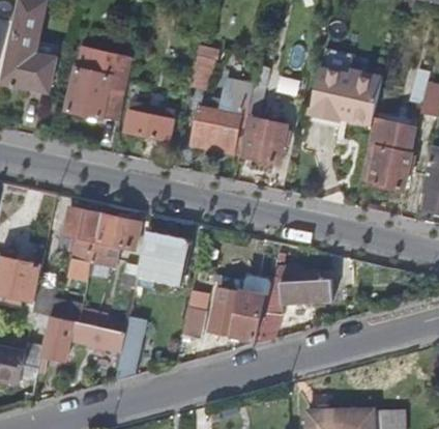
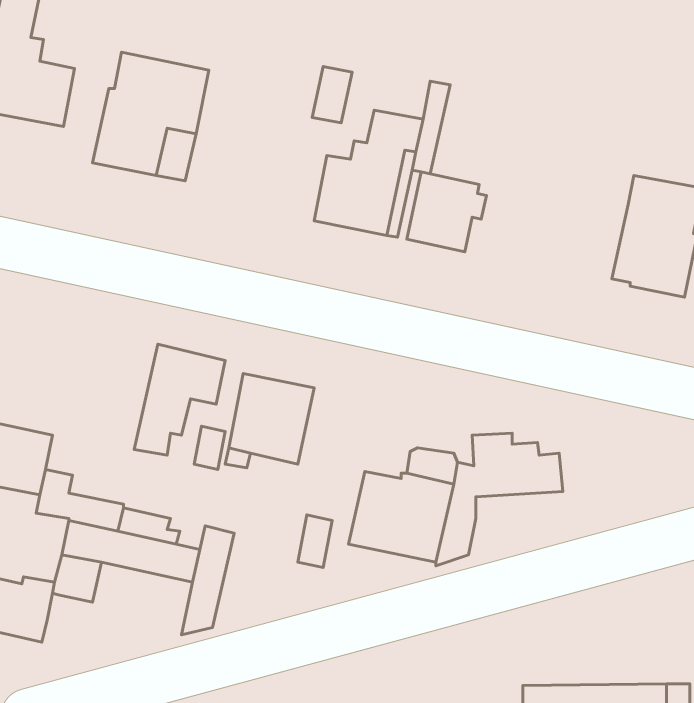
building: [308,67,380,135] -> none
building: [123,104,172,140] -> none
building: [64,207,101,278] -> none

